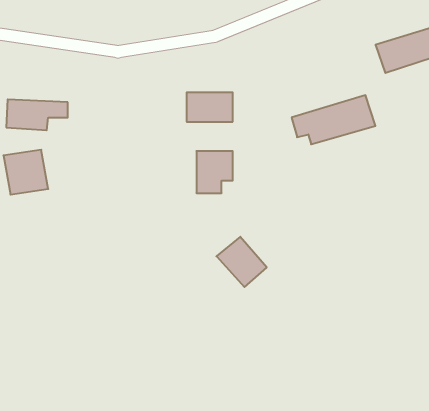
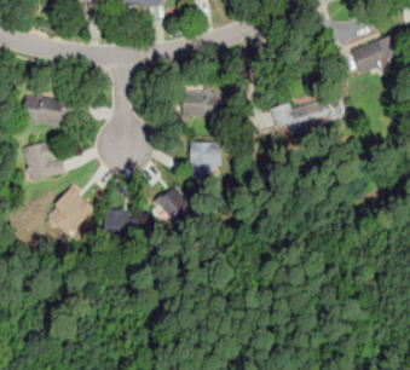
building: none -> [45,186,94,237]
building: none -> [105,212,138,237]
building: [216,237,267,287] -> [155,186,198,230]

